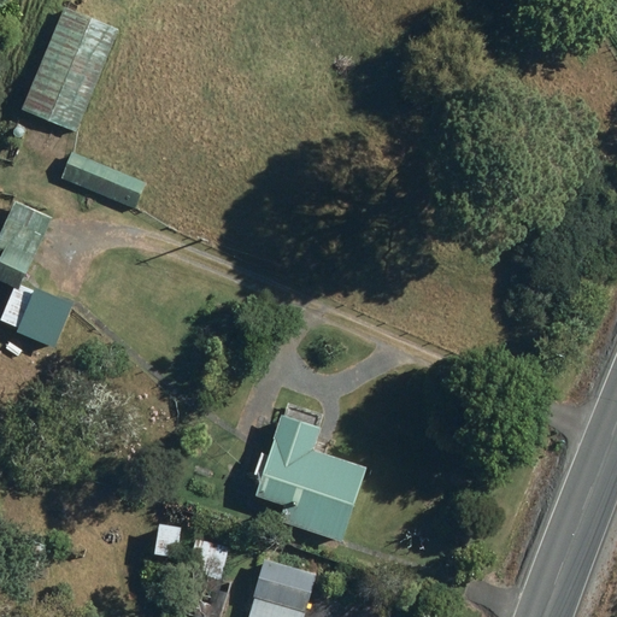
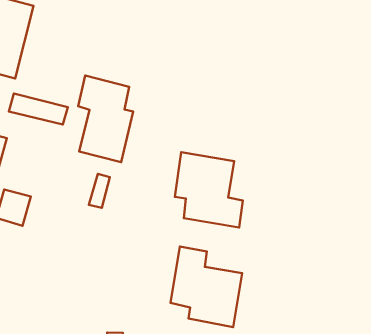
building: none -> [78,76,133,162]
building: none -> [175,152,243,227]

